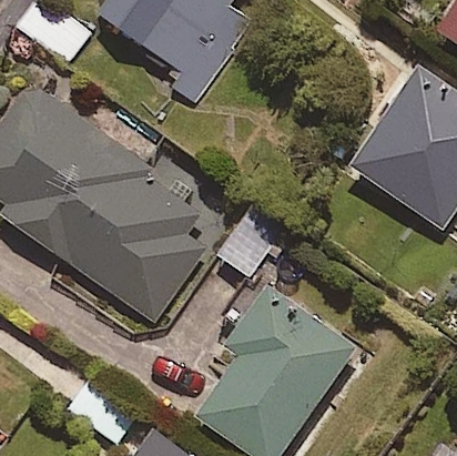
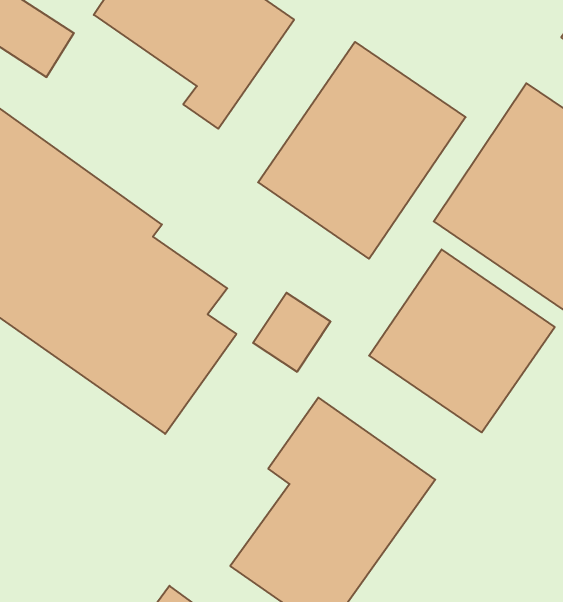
building: none -> [258,42,466,259]
building: none -> [369,249,555,432]

